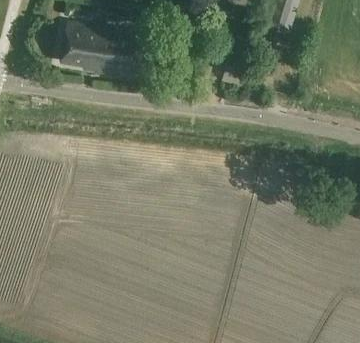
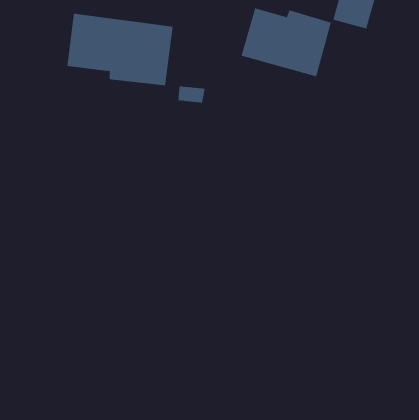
building: none -> [241,7,332,77]

